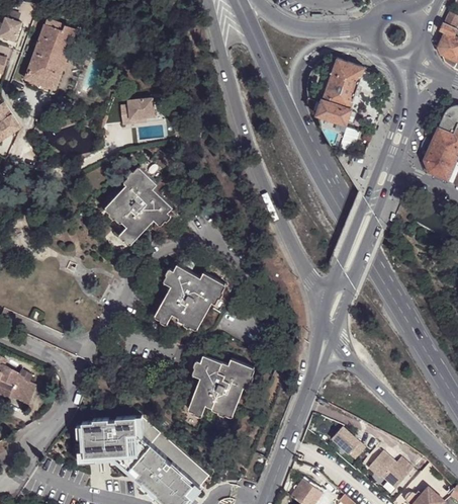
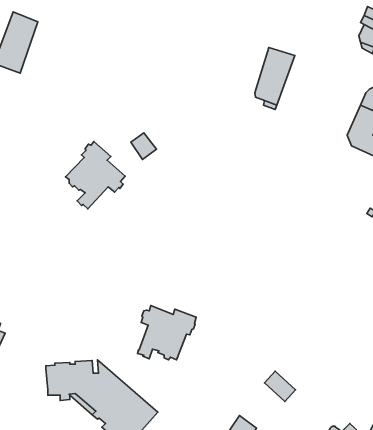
building: [120,101,153,128] -> none
building: none -> [131,133,156,159]
building: [155,264,224,328] -> none
building: [369,455,415,492] -> none

